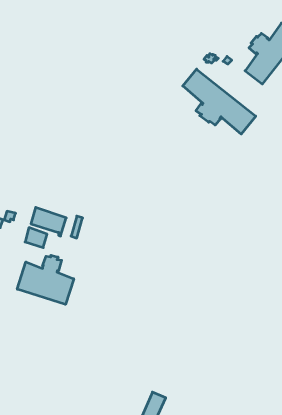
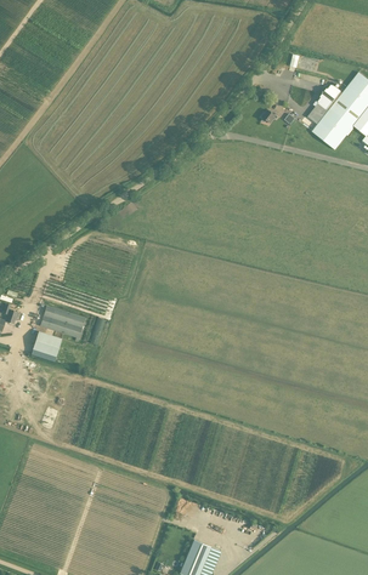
building: [183,69,256,134] -> none
building: [17,255,74,304] -> none

